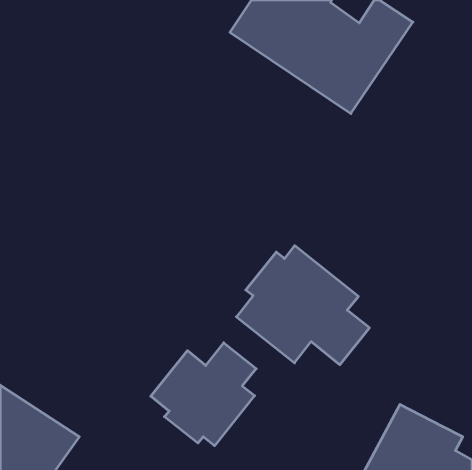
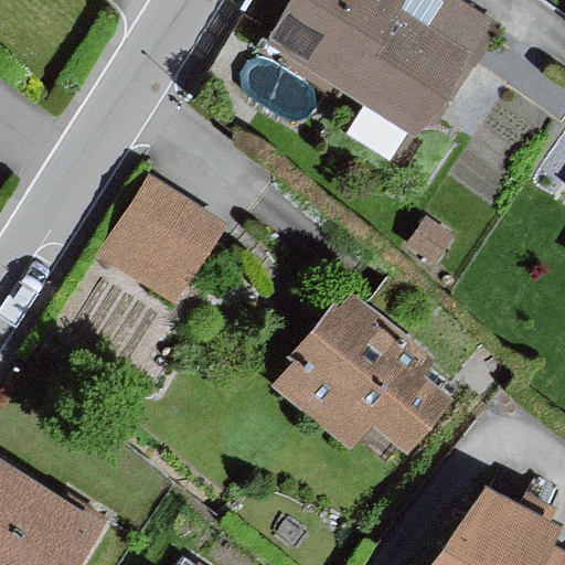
building: none -> [104,181,226,295]
building: [151,343,256,446] -> none

